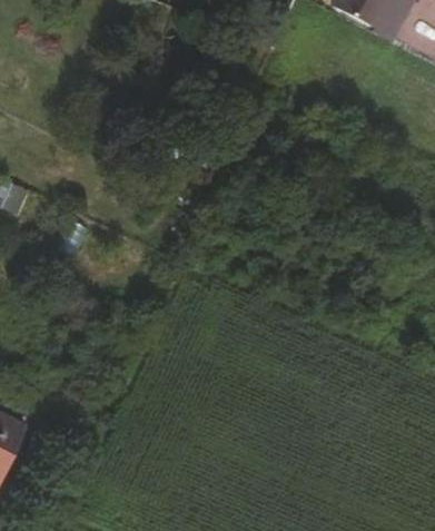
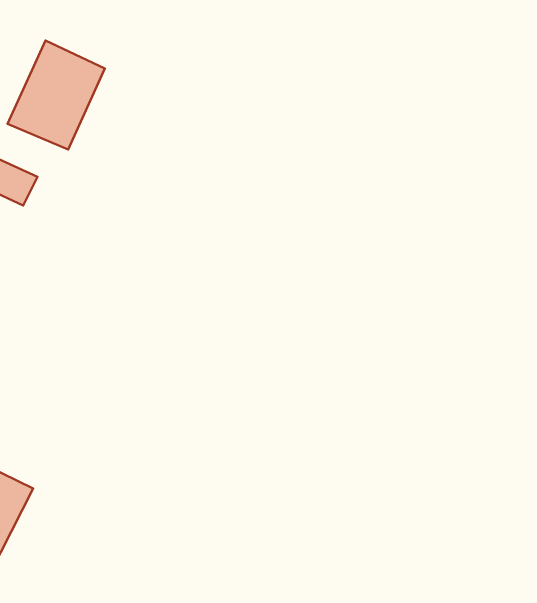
building: none -> [8,40,105,150]

